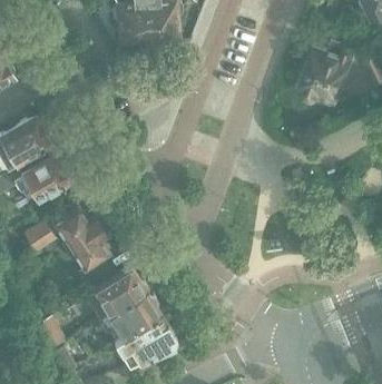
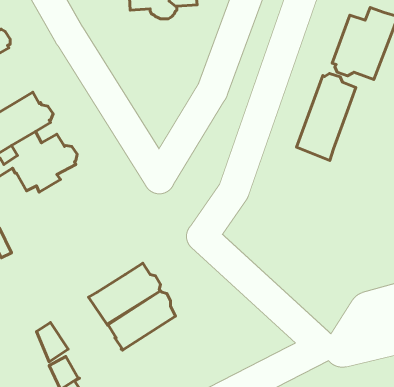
building: none -> [297,74,356,161]
building: [25,208,115,293] -> none
building: [112,314,175,366] -> none

